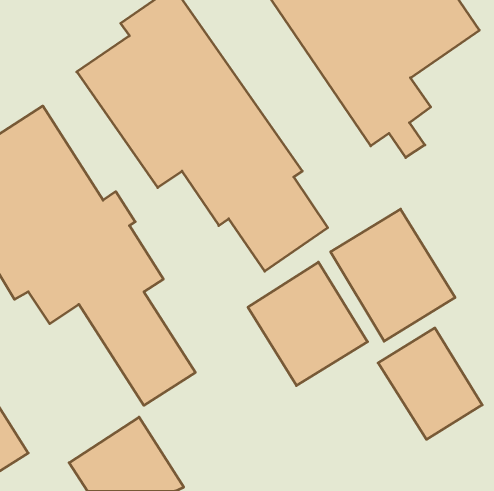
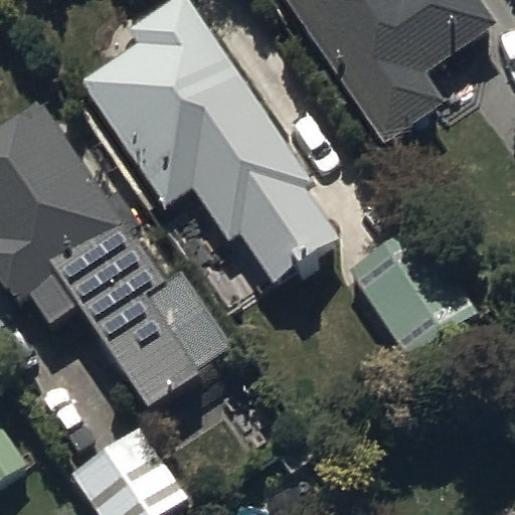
building: [248,262,368,386] -> none
building: [378,328,482,439] -> none

